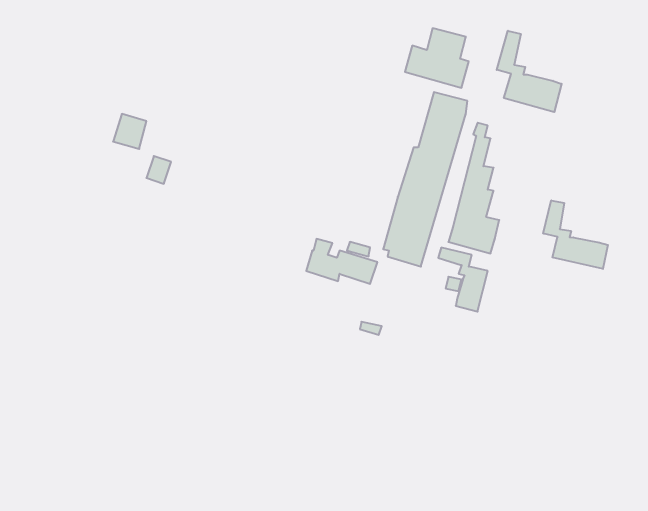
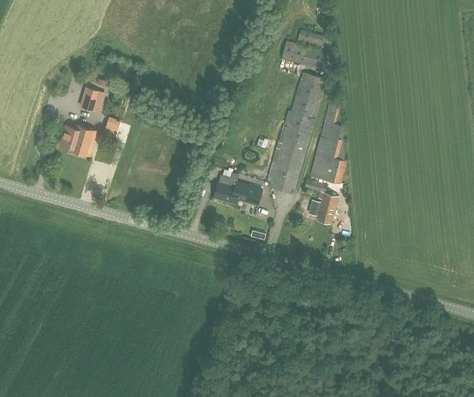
building: [497,31,562,112] -> none
building: none -> [59,125,96,156]
building: [543,200,608,269] -> none

